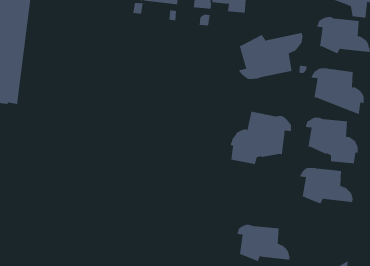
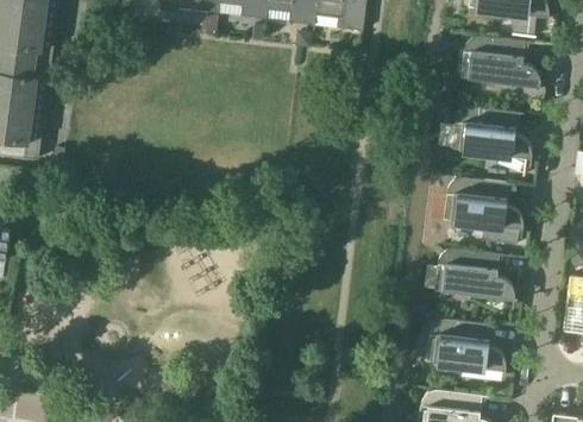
building: [238,32,303,80] -> none
building: [230,111,292,165] -> none
building: [237,224,290,262] -> [430,319,506,372]

